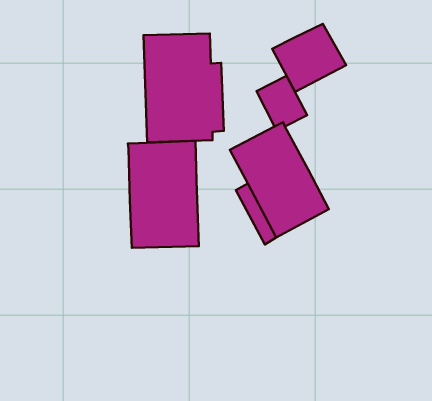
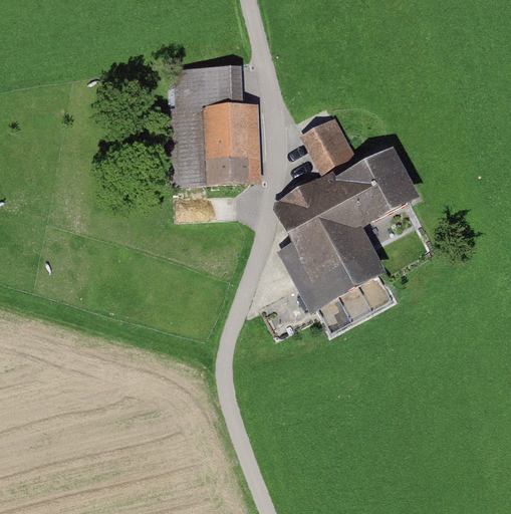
building: [272,24,346,92] -> [333,146,420,225]
building: [128,141,199,248] -> none

